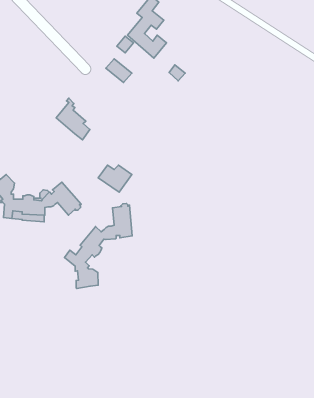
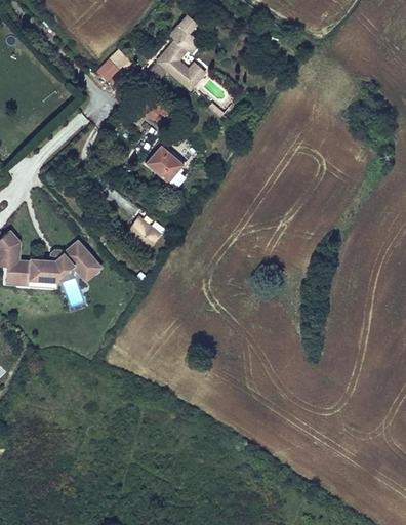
building: none -> [95,48,133,82]
building: [56,98,90,140] -> [146,138,187,189]
building: [64,204,132,288] -> none

